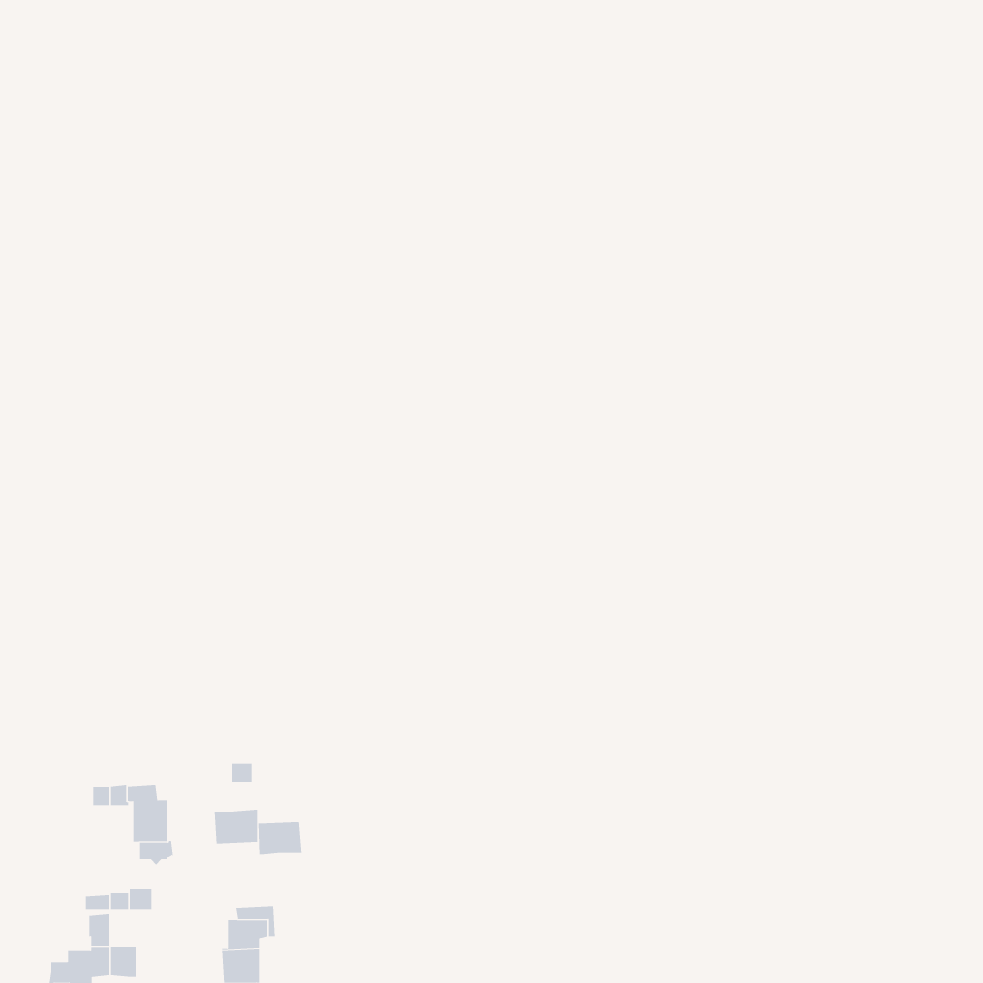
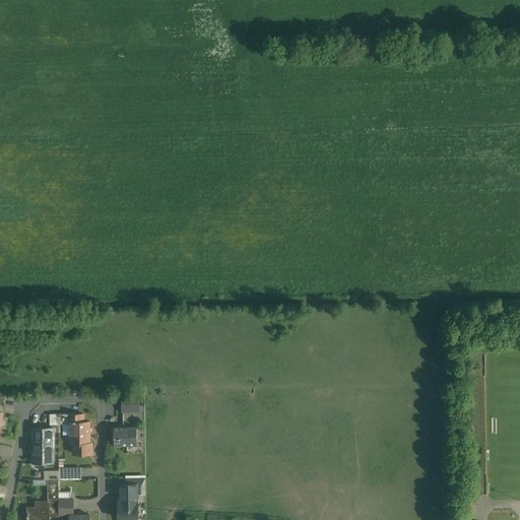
building: none -> [32,429,52,464]
building: [258,821,302,855] -> none

